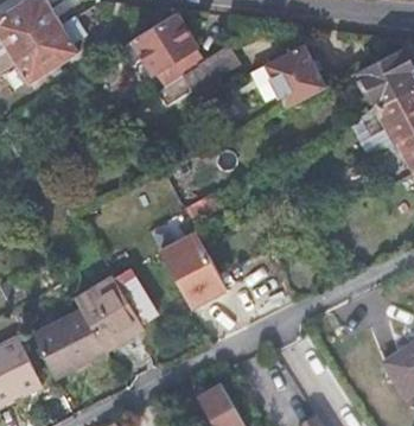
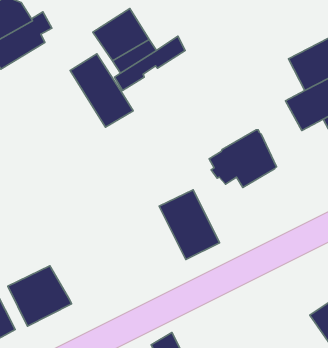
building: [244,38,323,104] -> [209,130,277,187]
building: none -> [70,54,133,127]
building: [157,235,227,316] -> [159,190,220,259]
building: [76,280,142,348] -> none

